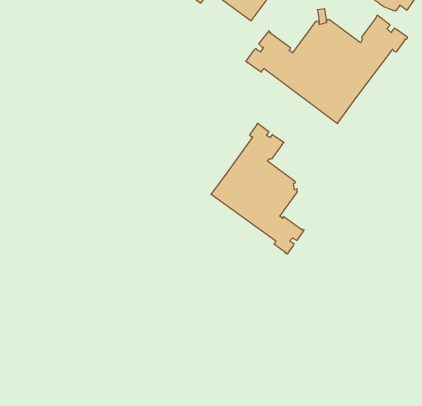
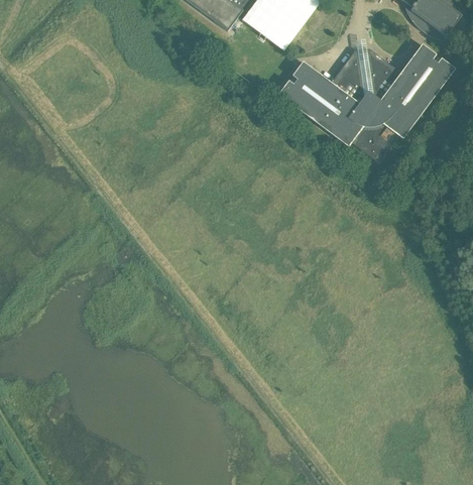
building: [211,123,304,254] -> none

